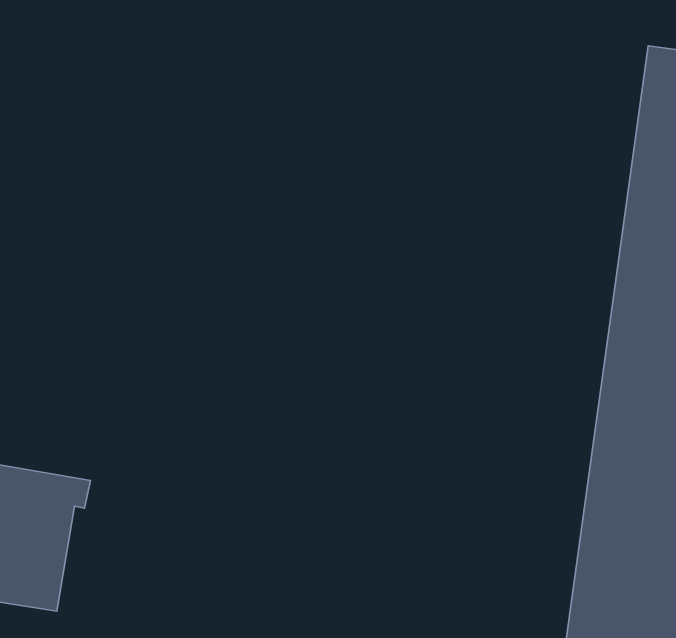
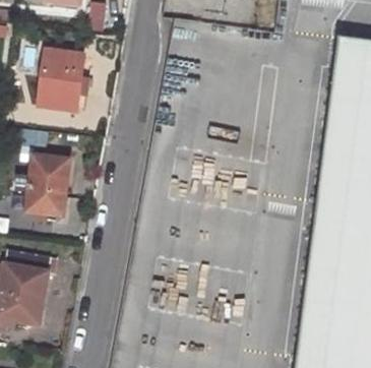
building: none -> [45,53,83,110]
building: none -> [15,158,67,216]

